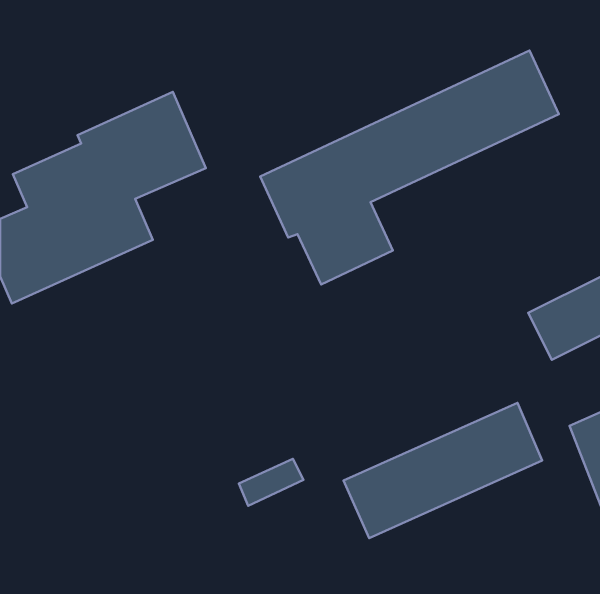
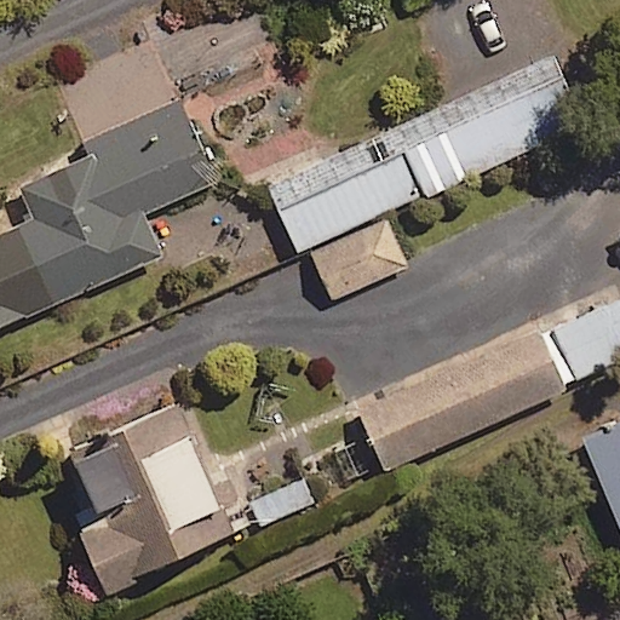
building: none -> [62,396,229,589]
building: [343,403,542,538] -> [357,329,562,469]

